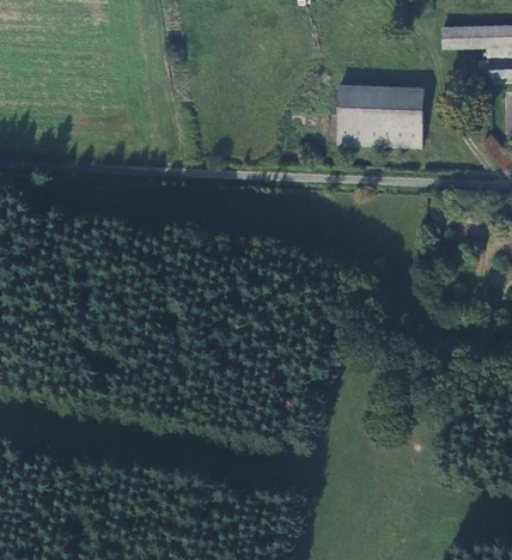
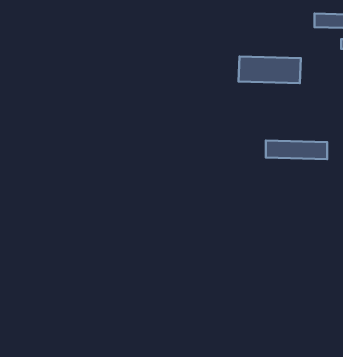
building: [337,120,422,146] -> [266,140,327,159]

